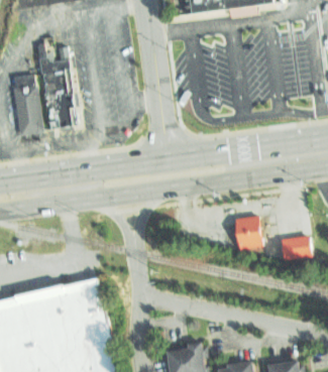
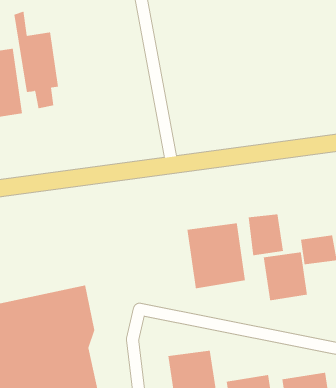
building: none -> [187,222,246,289]
building: none -> [263,252,308,301]

